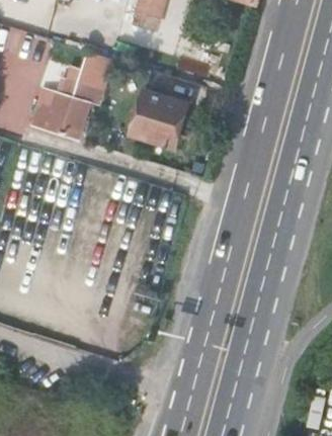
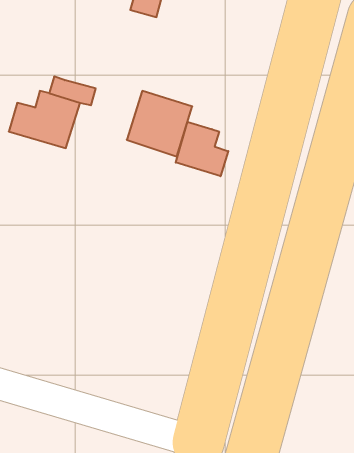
building: [76,51,111,90] -> none
building: none -> [176,122,228,176]

